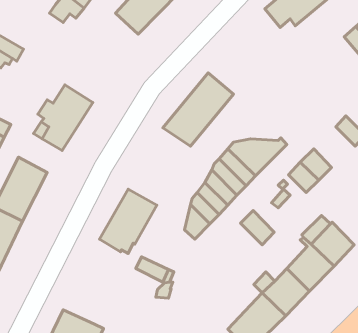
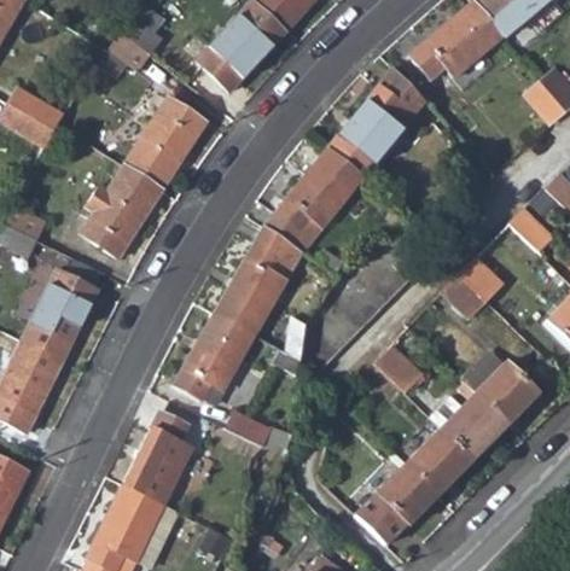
building: none -> [328,66,427,177]
building: none -> [123,98,205,190]
building: none -> [214,226,303,337]
building: none -> [121,409,194,507]

